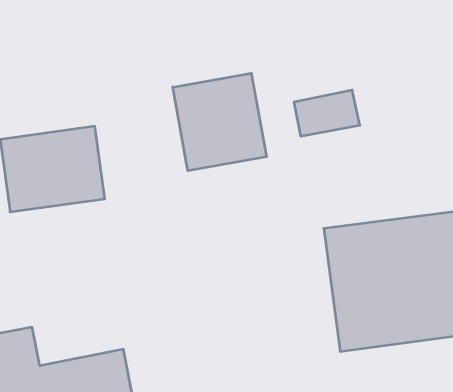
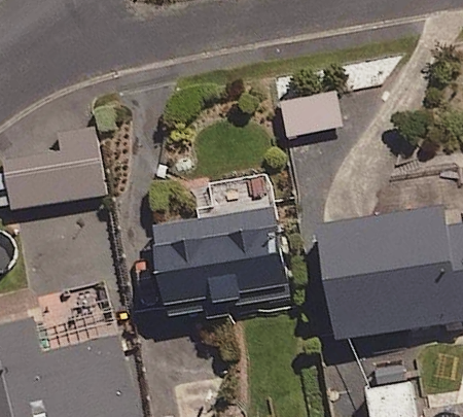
building: [173,73,267,171] -> none
building: none -> [154,205,291,317]

